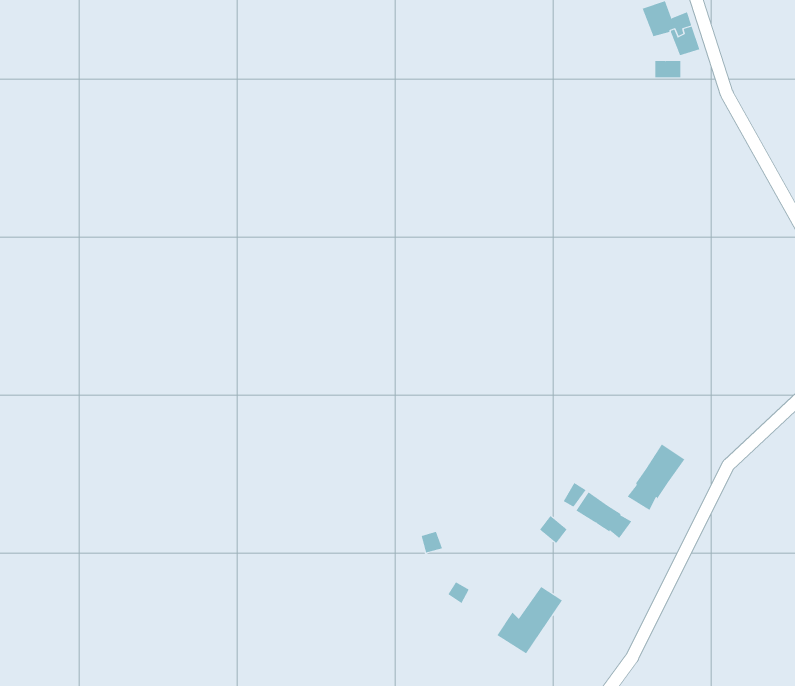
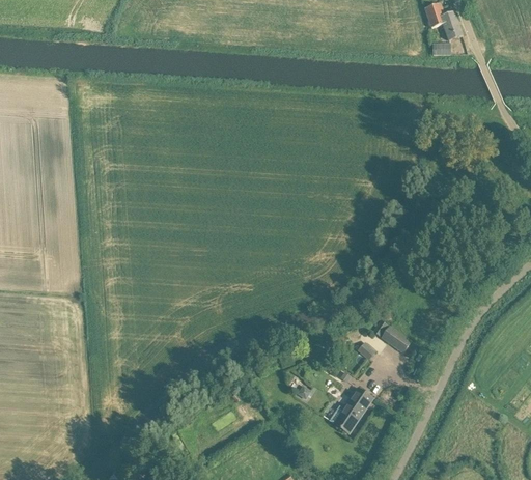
building: [627,444,685,511] -> none

